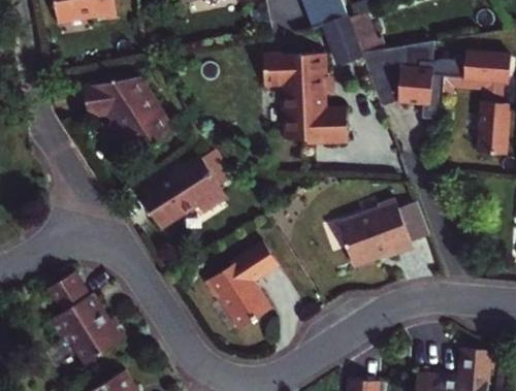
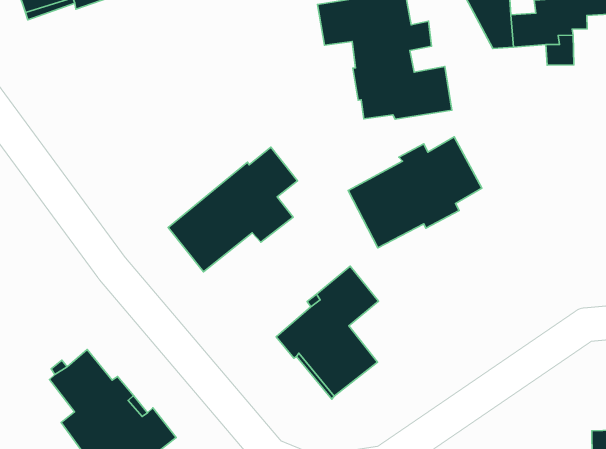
building: [87,78,180,151] -> none
building: [340,193,432,263] -> [348,137,482,248]

